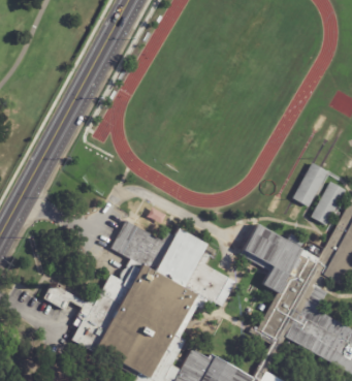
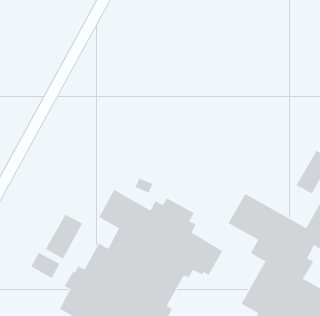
building: [292,162,328,207] -> none
building: none -> [45,214,83,259]

